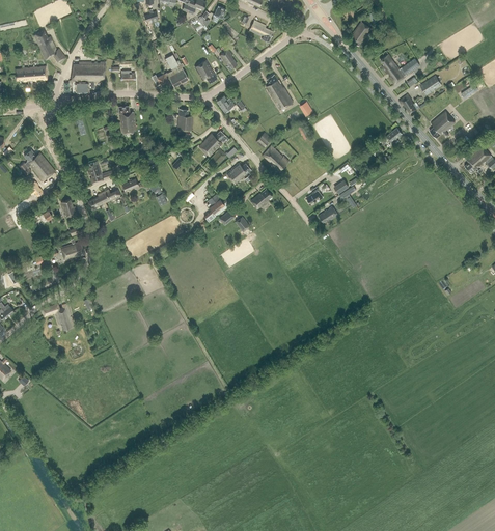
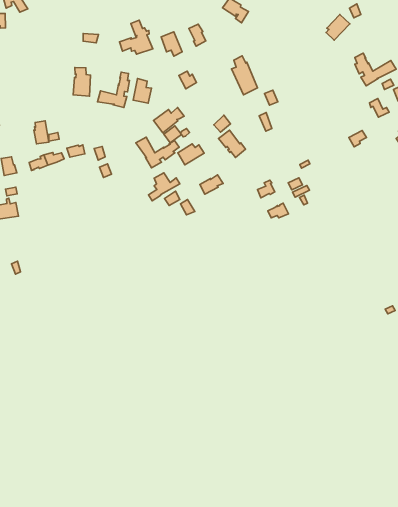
building: [72,62,106,93] -> none
building: none -> [98,72,129,107]
building: none -> [136,137,179,168]

